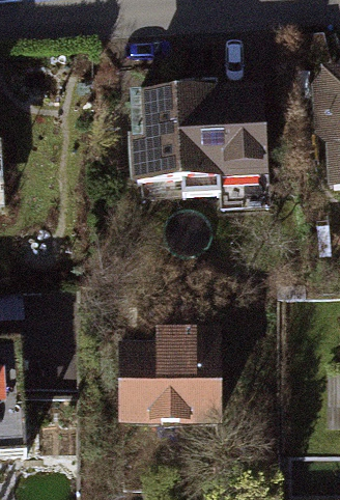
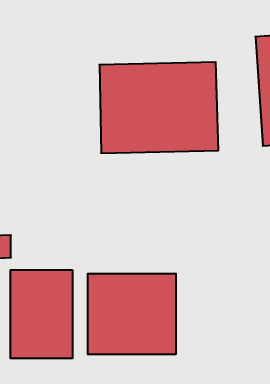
building: none -> [11,270,72,358]

